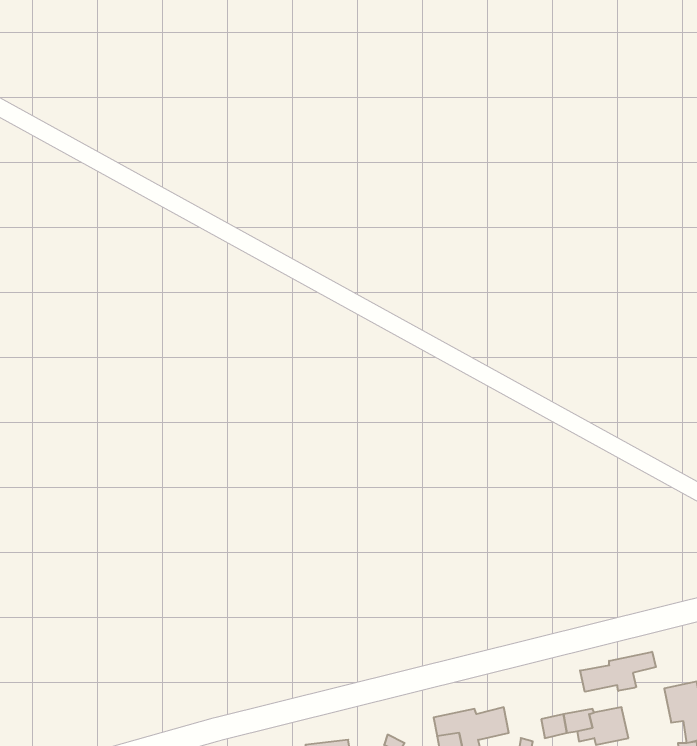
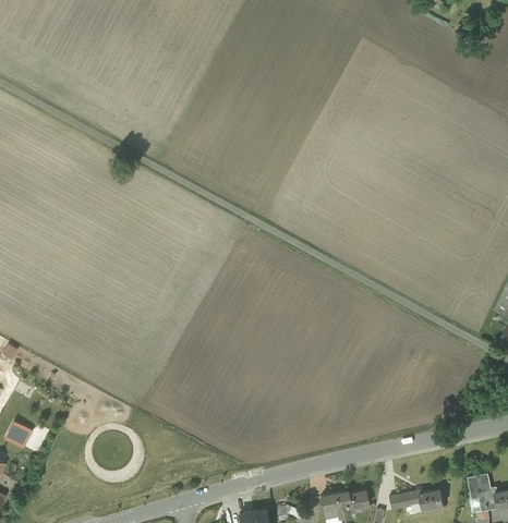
building: [580,652,656,692] -> none

